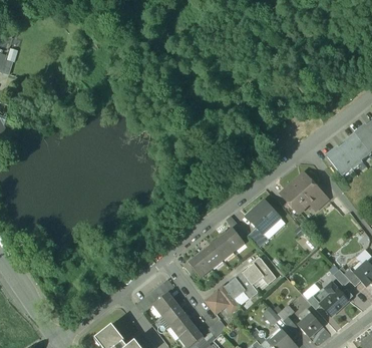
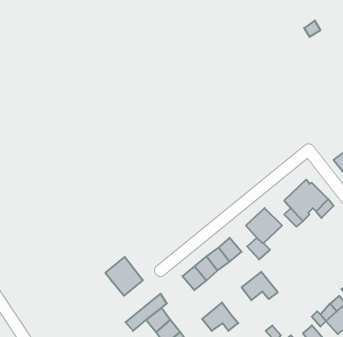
building: none -> [106,257,143,296]
building: [225,273,258,299] -> none

